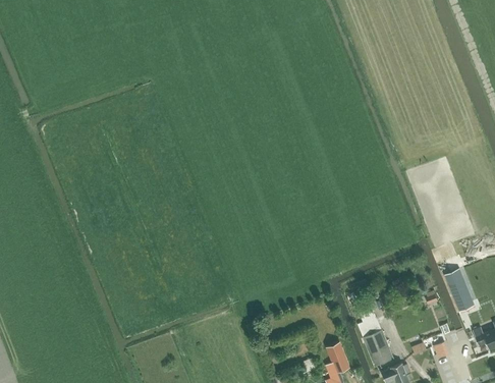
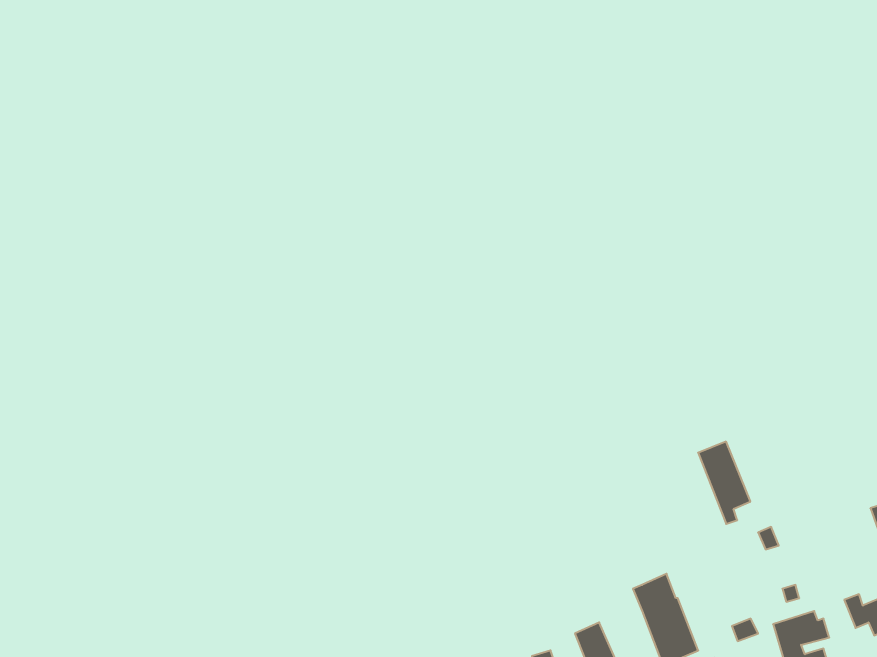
building: [444,269,473,314] -> [698,442,750,524]

